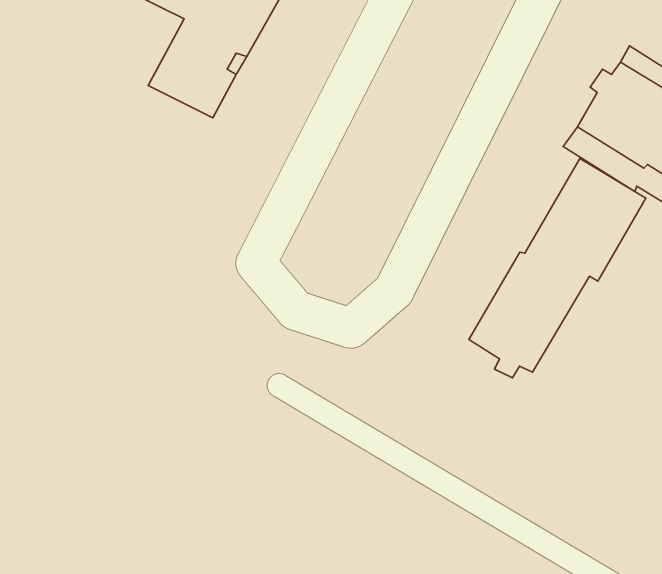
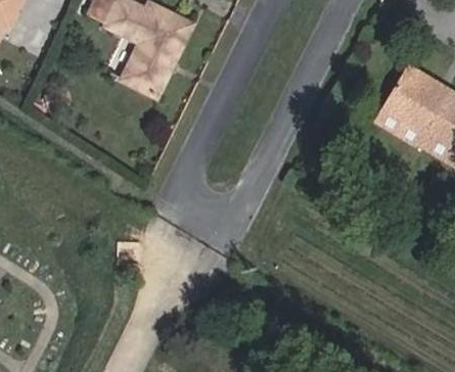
building: [469,158,646,378] -> none

